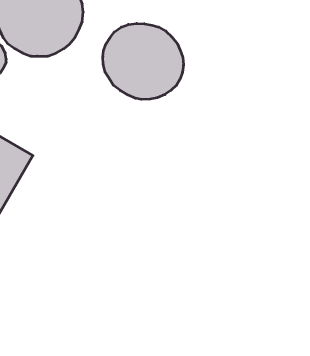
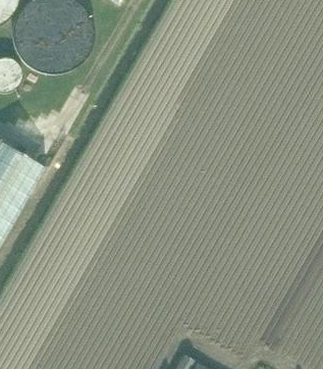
building: [103,23,183,99] -> none

